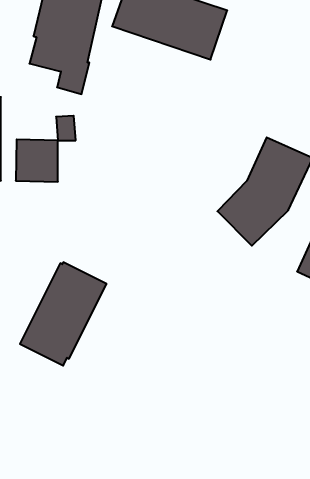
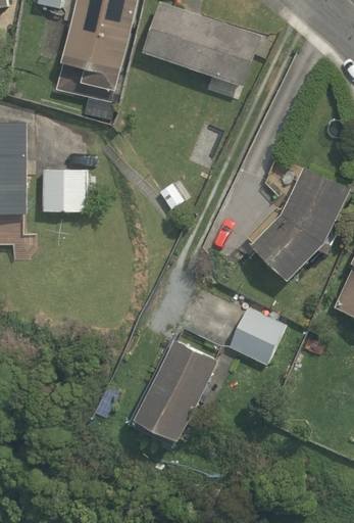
building: [20,262,107,366] -> [128,338,217,445]
building: none -> [227,307,285,365]

